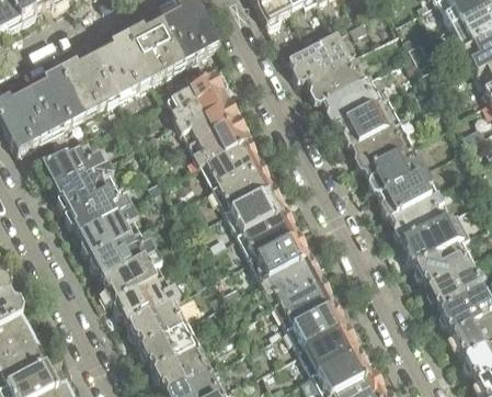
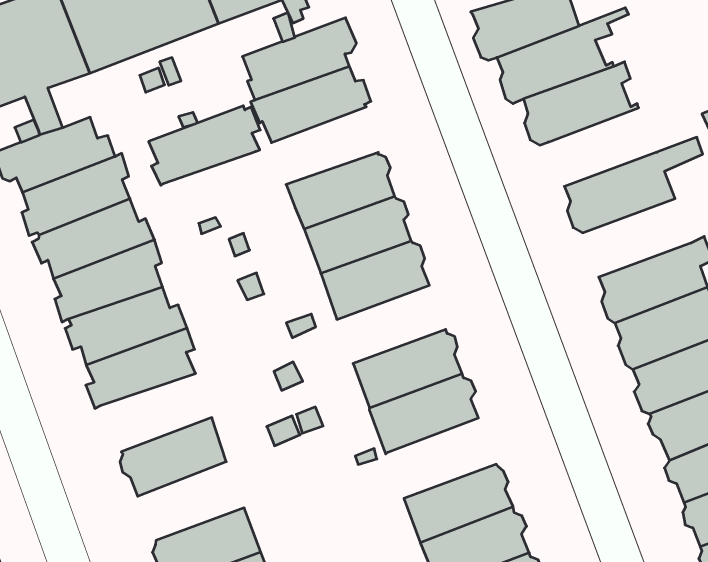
building: [339,97,399,145] -> none
building: [187,115,249,165] -> [149,106,260,185]
building: [364,144,424,192] -> none
building: [236,208,296,257] -> none
building: [112,273,179,322] -> none
building: [267,277,333,336] -> none
building: [139,319,198,367] -> none

